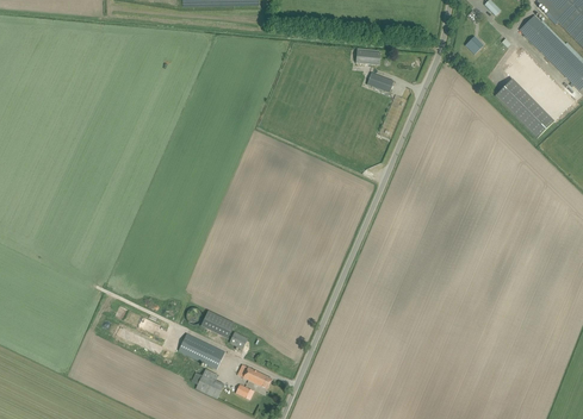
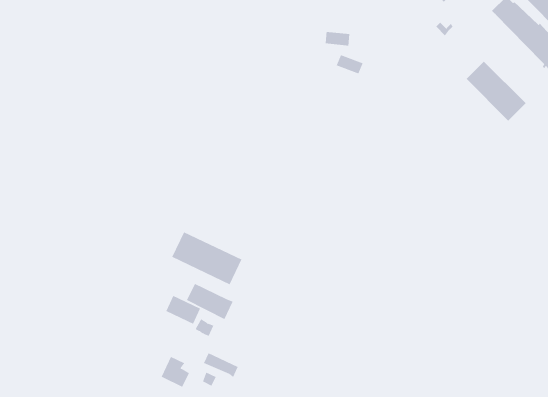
building: none -> [171,231,242,285]
building: [179,332,225,368] -> [186,283,233,320]

